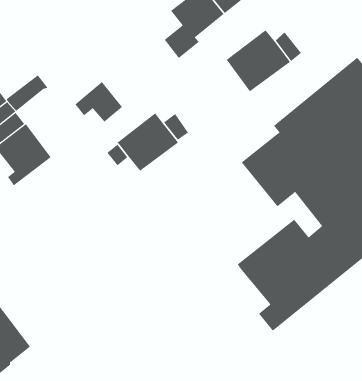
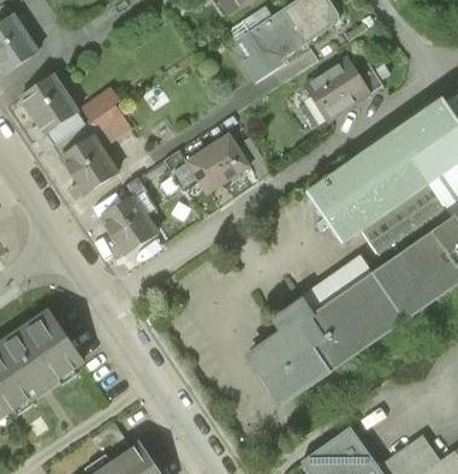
building: [74,81,123,122] -> [85,103,135,146]
building: none -> [101,197,157,260]
building: none -> [246,303,329,404]

